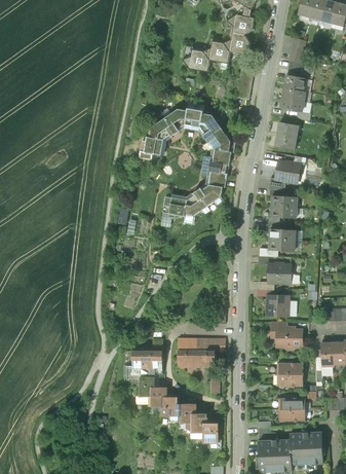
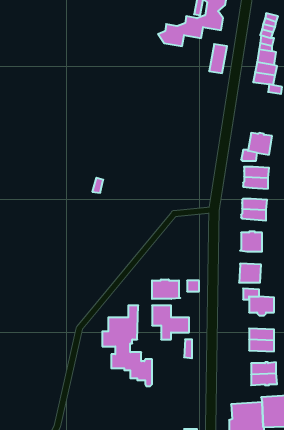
building: [144,108,235,216] -> none
building: [274,121,298,149] -> none
building: none -> [152,279,180,299]
building: [179,403,221,448] -> none

